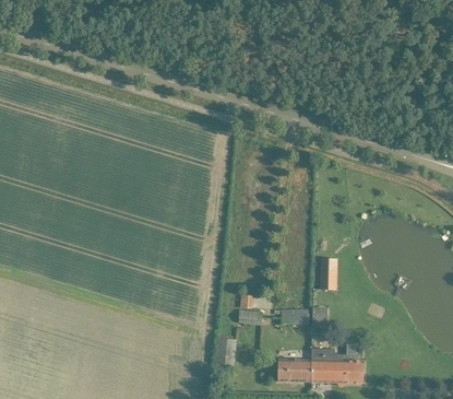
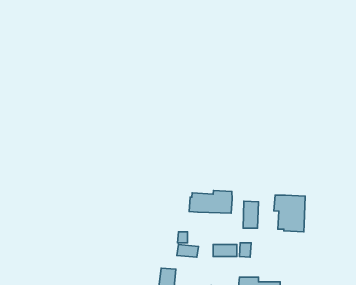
building: none -> [189,190,232,213]
building: none -> [274,195,305,232]

